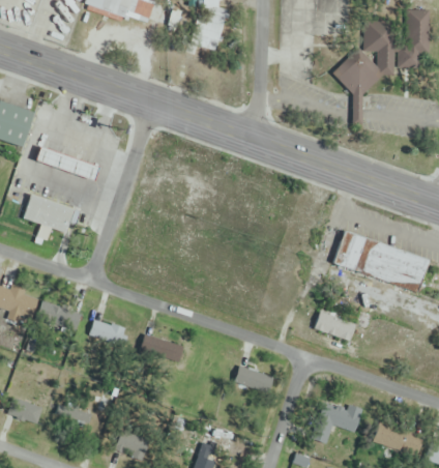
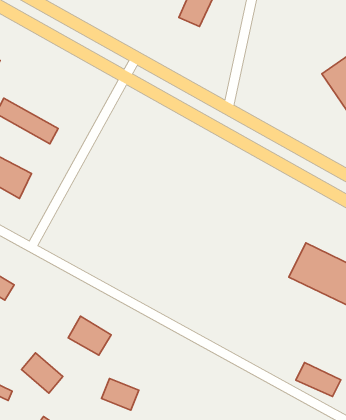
building: [315,313,356,340] -> [296,363,341,396]
building: [89,316,128,351] -> [21,353,63,393]
building: [235,363,268,389] -> [102,379,139,410]

